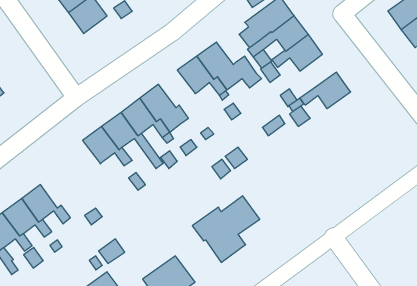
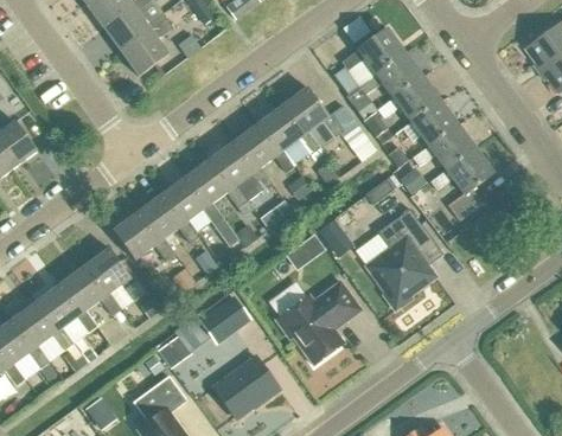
building: none -> [413,102,459,146]
building: none -> [234,122,295,172]
building: none -> [430,149,493,220]
building: none -> [366,209,435,309]
building: none -> [113,211,175,261]
building: none -> [84,249,146,299]
building: none -> [199,294,251,344]

